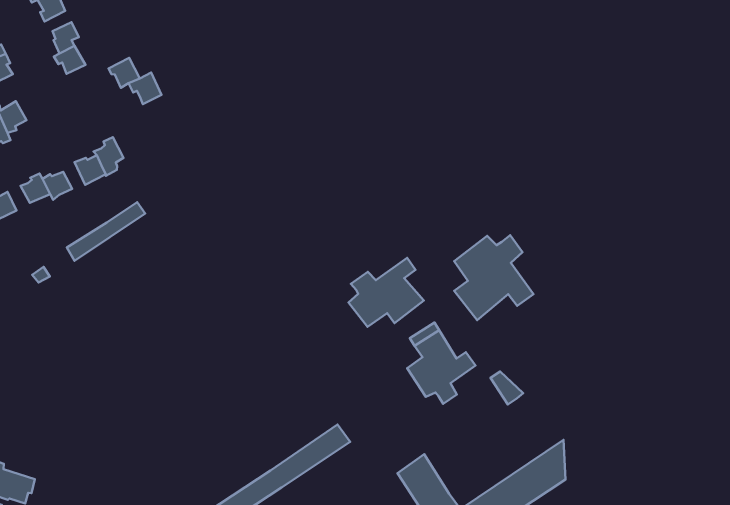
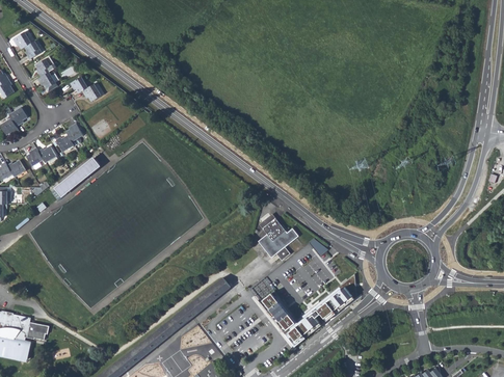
building: [454,235,533,320] -> none
building: [349,258,424,327] -> none

